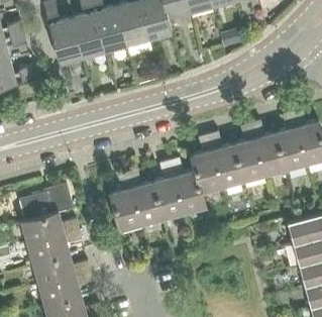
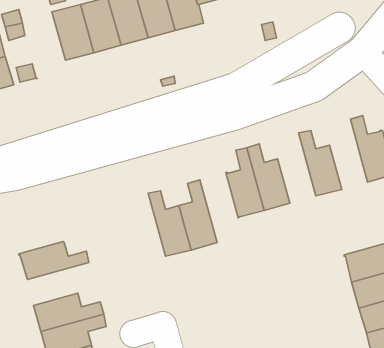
building: [275,113,306,171] -> none
building: [232,124,263,182] -> none
building: [169,160,205,214] -> none
building: [109,174,140,232] -> none
building: [18,187,73,222] -> none
building: [27,230,81,266] -> none

